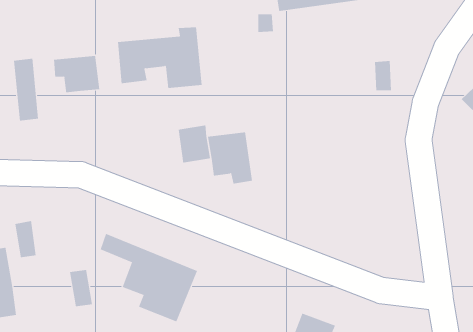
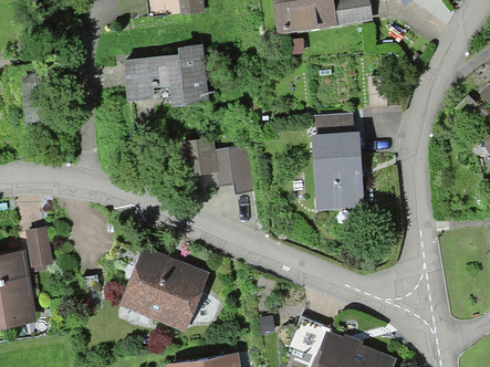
building: [54,55,100,93] -> none
building: none -> [312,115,361,208]

